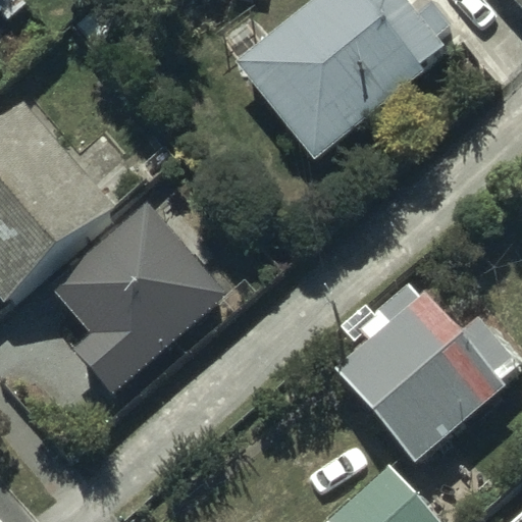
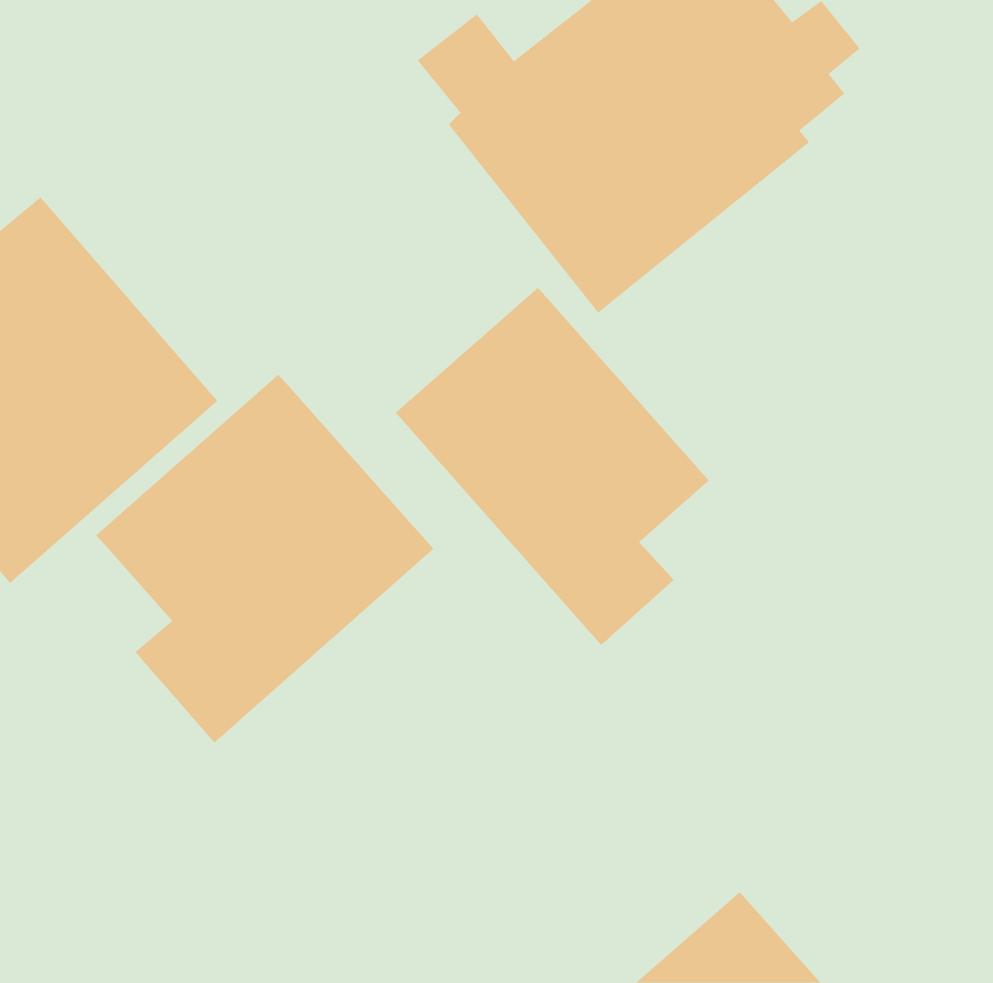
building: none -> [395,287,710,646]
building: [336,288,516,465] -> none

